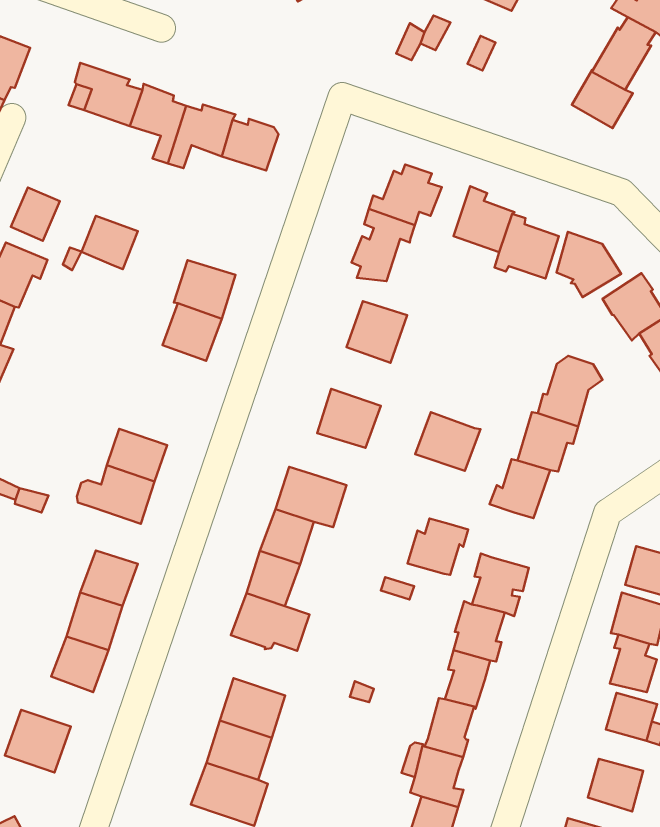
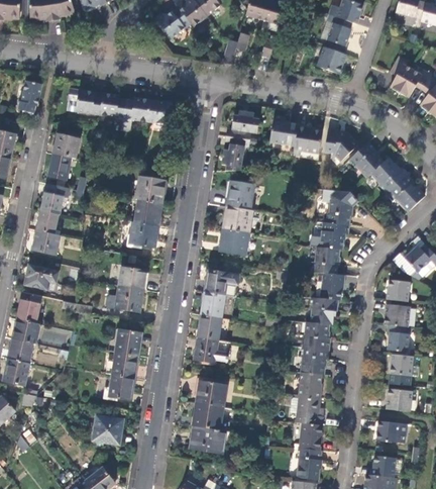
building: [81,216,138,269] -> [53,134,80,159]
building: none -> [129,220,157,247]
building: [415,412,480,471] -> [222,205,252,231]
building: [408,519,468,575] -> [317,273,344,299]

